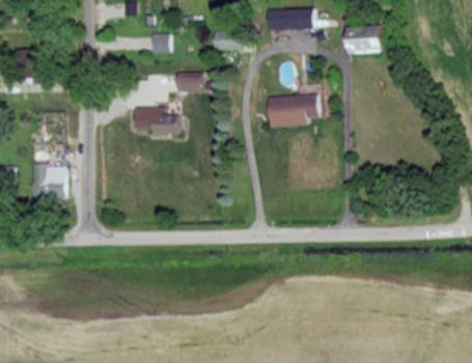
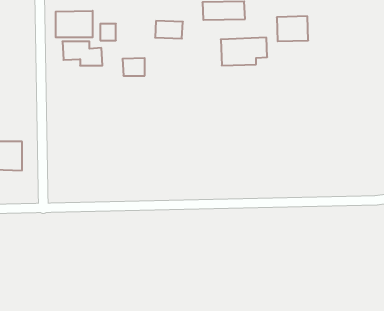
building: none -> [56,11,93,37]
building: [268,94,320,125] -> [221,38,267,65]
building: [134,107,178,134] -> [62,41,102,66]

